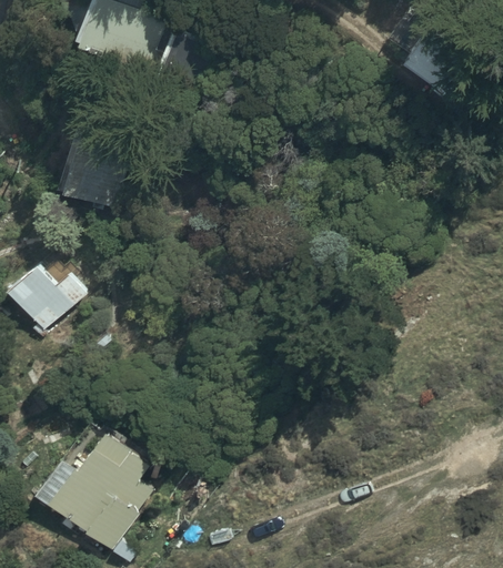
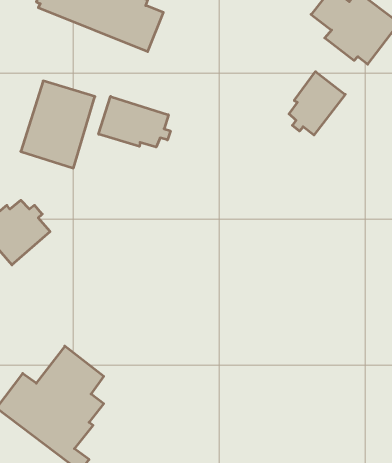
building: none -> [289,72,345,135]
building: none -> [99,96,170,147]

